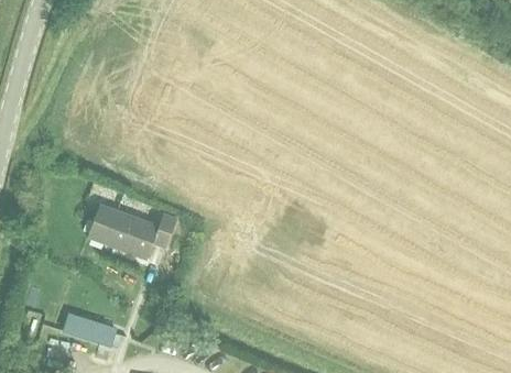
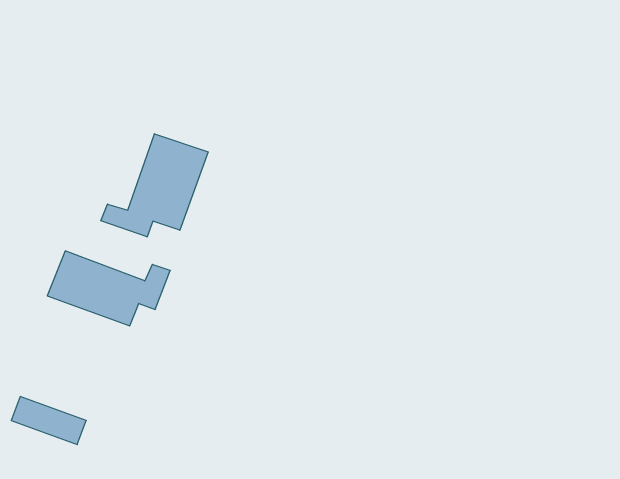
building: none -> [101,134,208,237]

